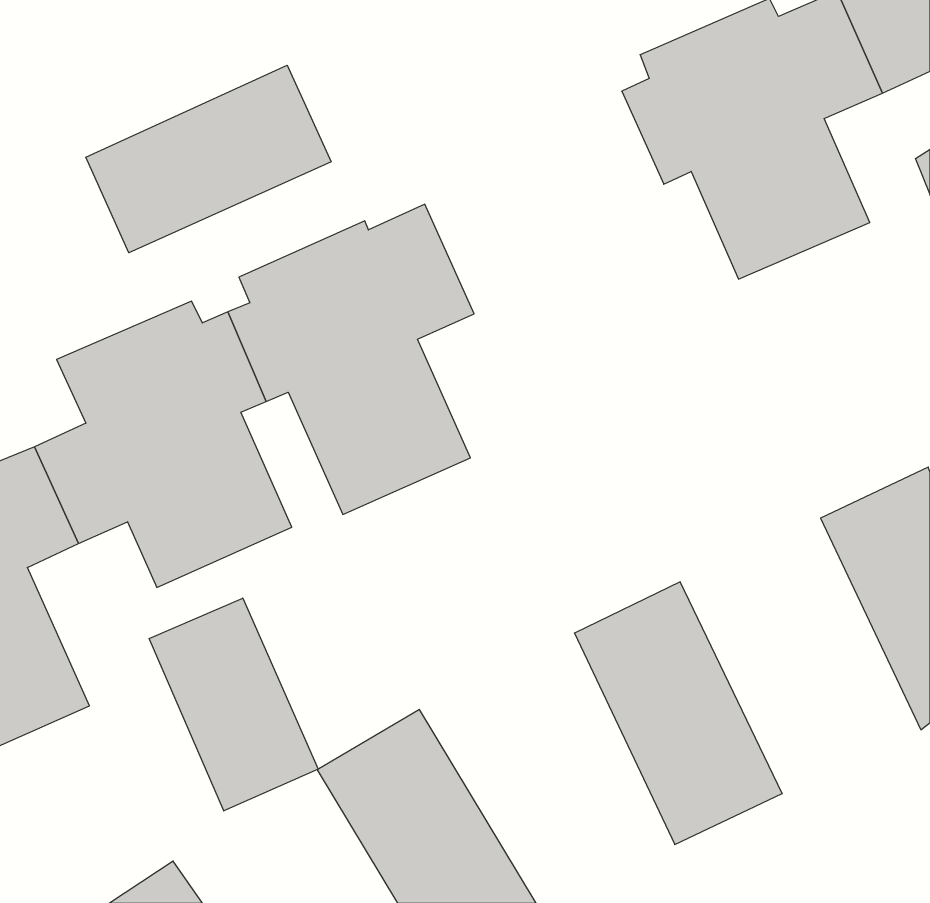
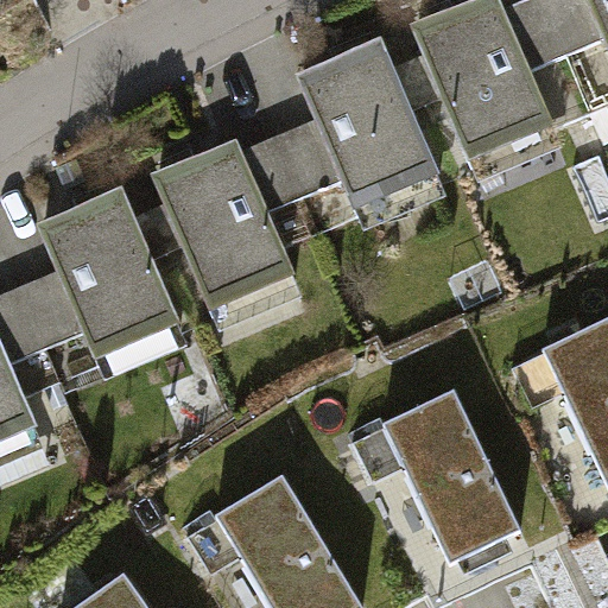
building: [86,65,331,253] -> none
building: none -> [277,51,448,229]
building: [149,598,318,811] -> none

